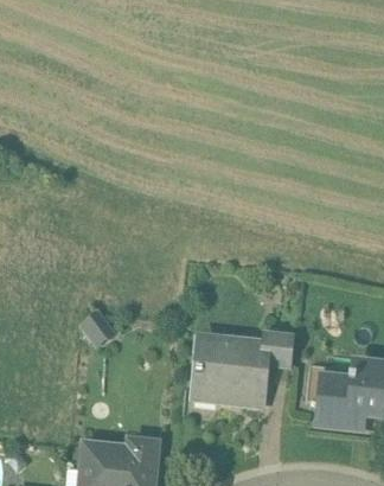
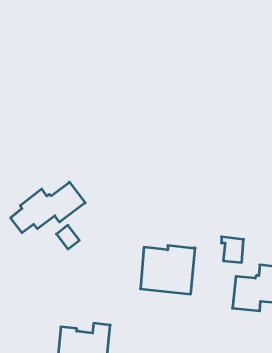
building: none -> [11,182,85,233]
building: [263,332,293,366] -> [221,237,244,262]

